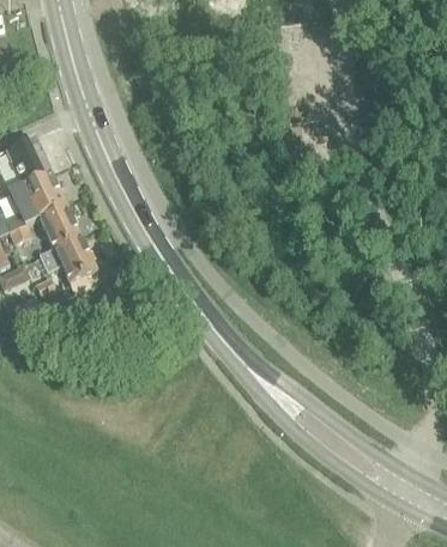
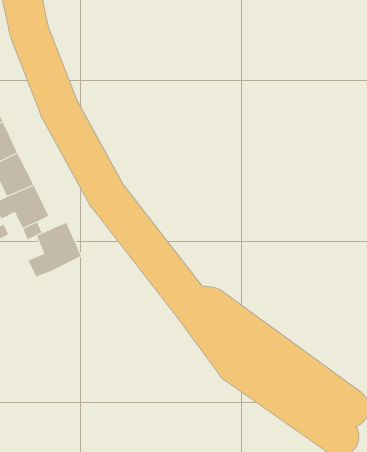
building: none -> [28,222,82,277]

